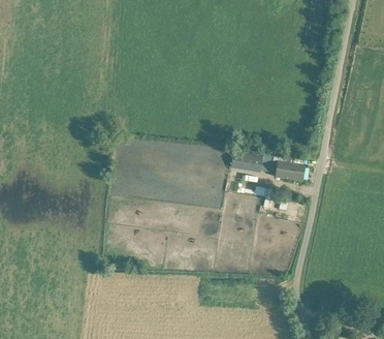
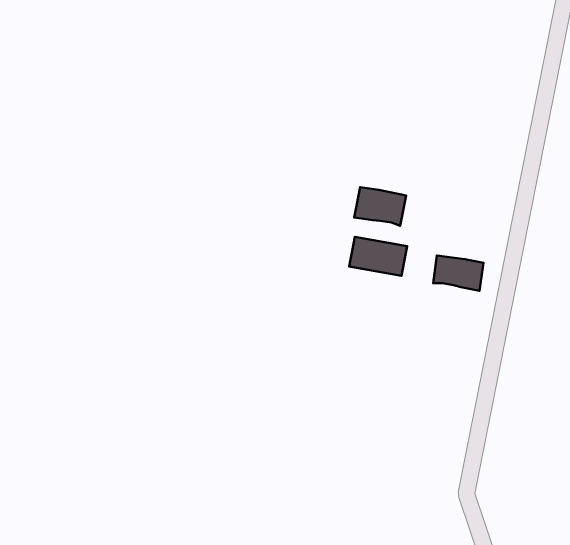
building: none -> [354,187,406,226]

